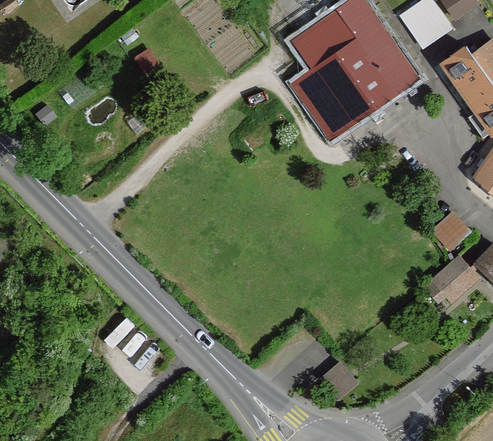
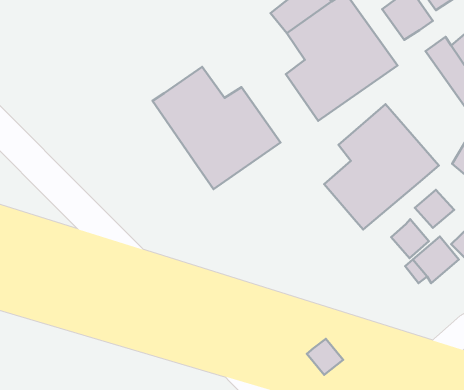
building: none -> [153,67,280,189]
building: none -> [324,104,439,230]
building: none -> [391,219,429,258]

